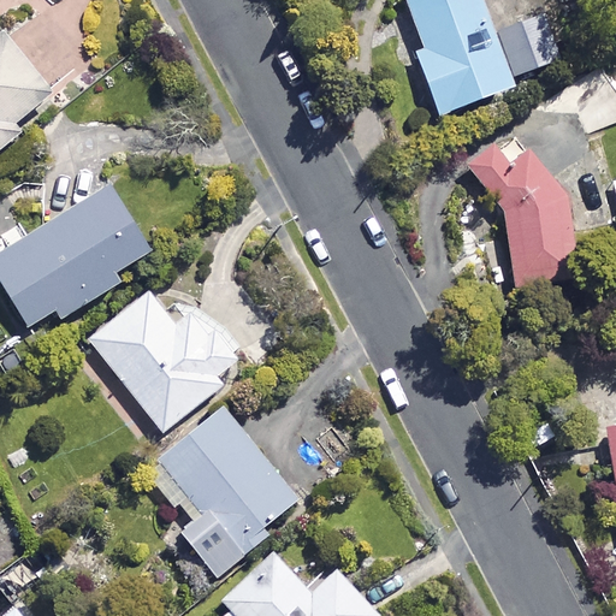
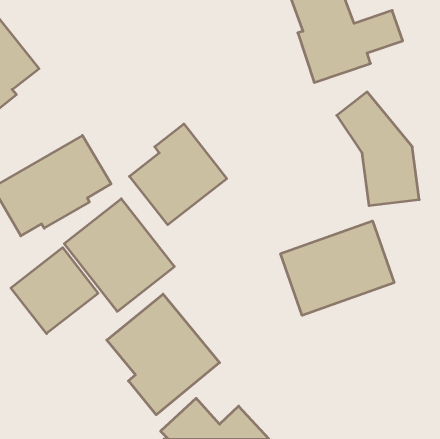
building: none -> [129,124,227,225]
building: none -> [281,221,394,315]
building: none -> [11,248,98,334]

